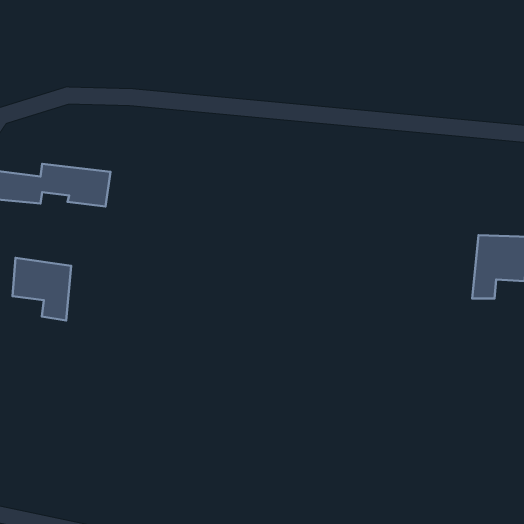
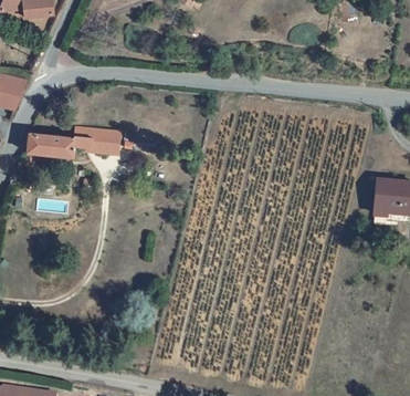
building: [12,258,71,321] -> none

